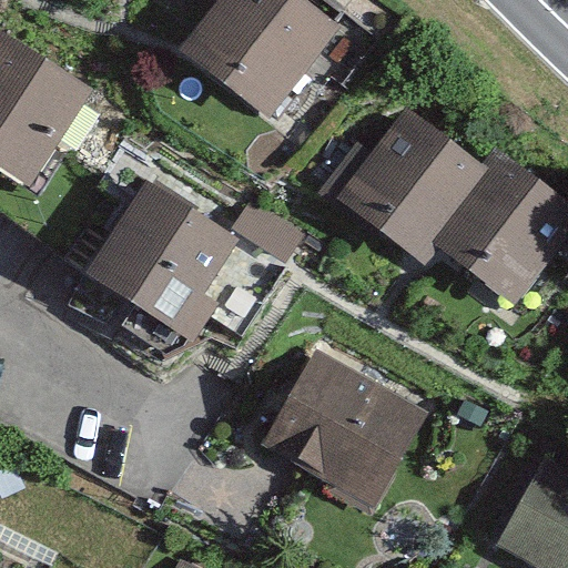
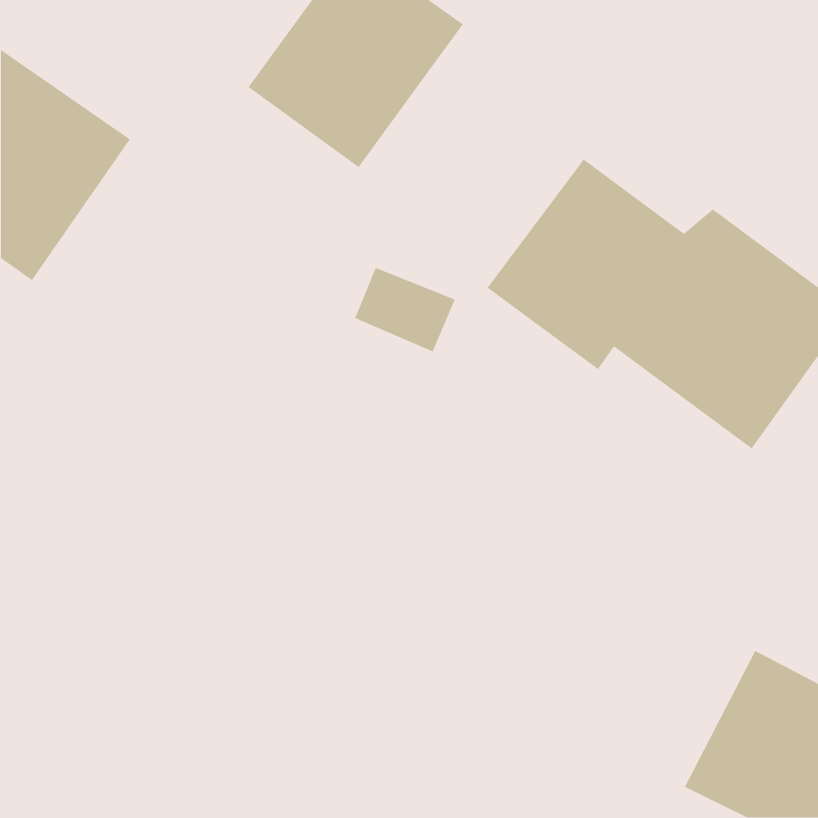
building: [81,178,240,349] -> none
building: [260,348,426,508] -> none

